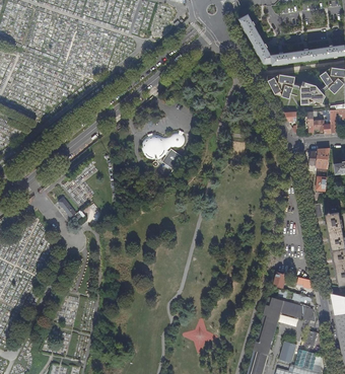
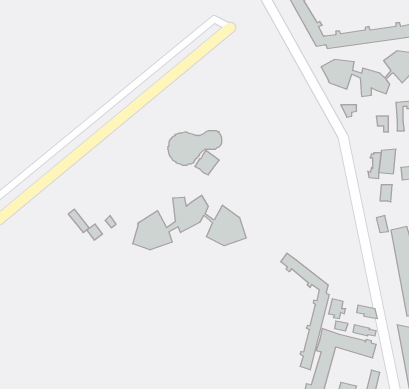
building: none -> [133,195,246,250]
building: none -> [281,253,329,370]

